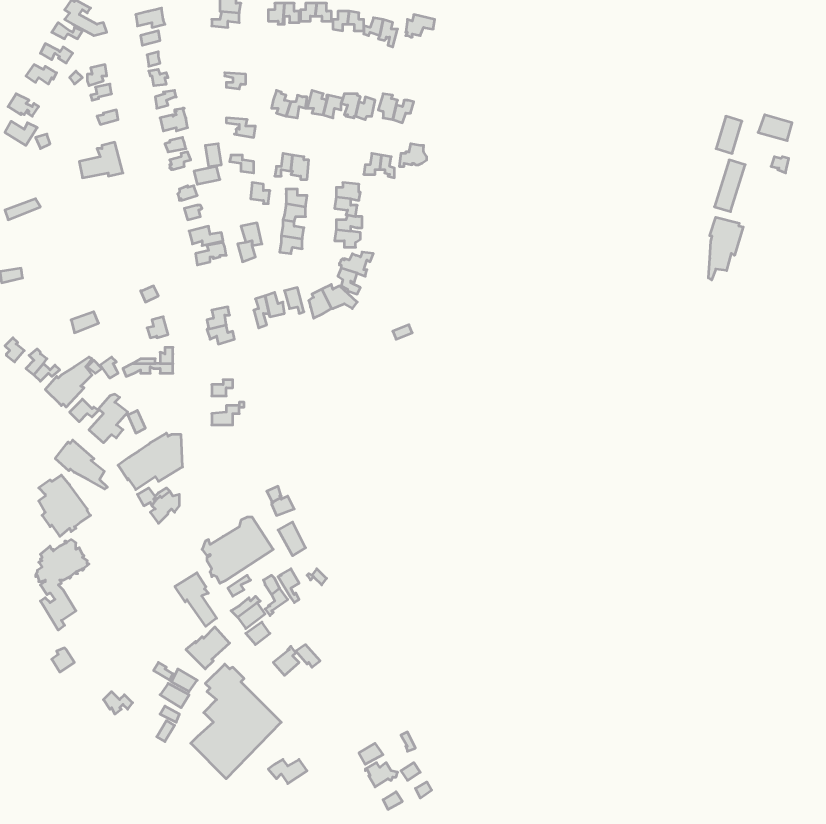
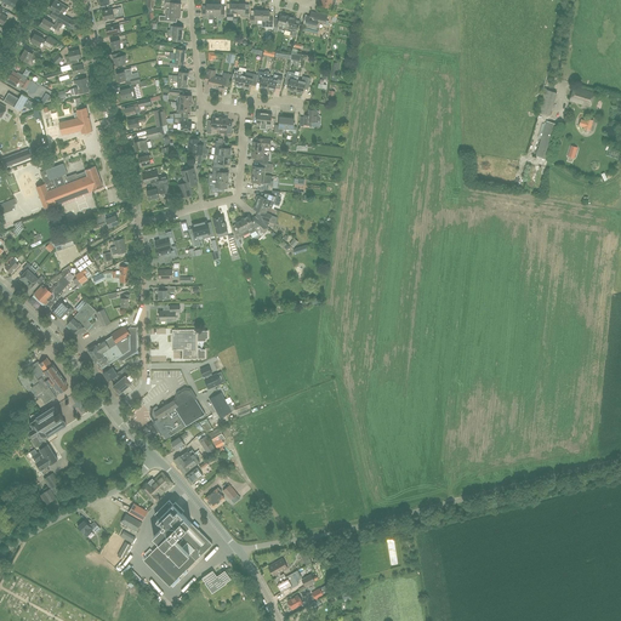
building: none -> [35,161,102,206]
building: [708,217,743,280] -> none
building: none -> [170,327,198,357]
building: [55,440,107,489] -> none
building: [175,573,217,626] -> none

